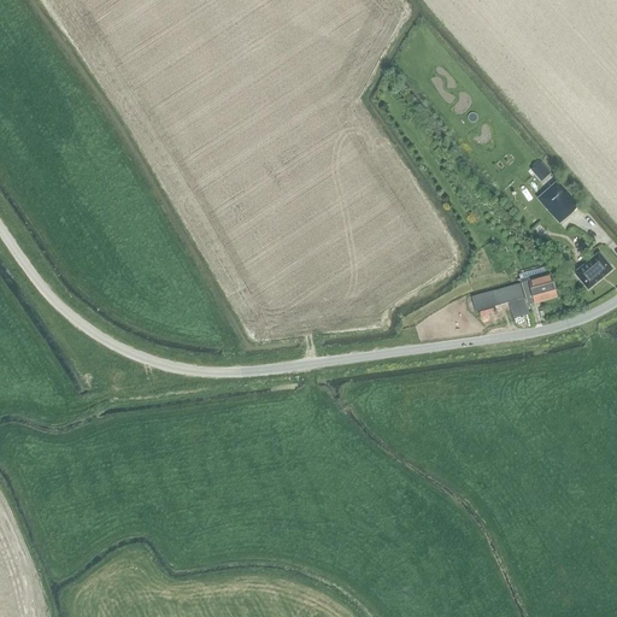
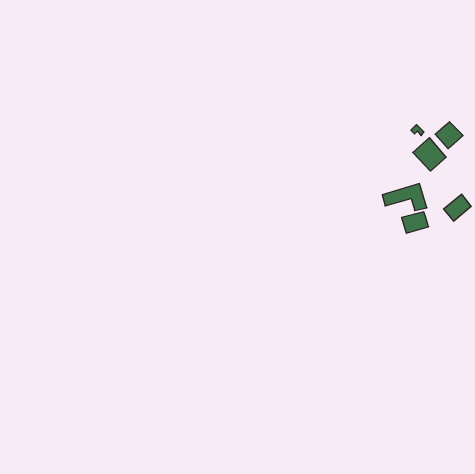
building: none -> [435,122,463,149]
building: [471,282,529,317] -> [382,184,427,211]

